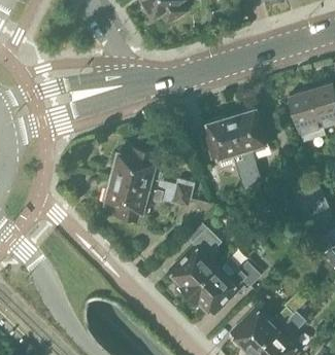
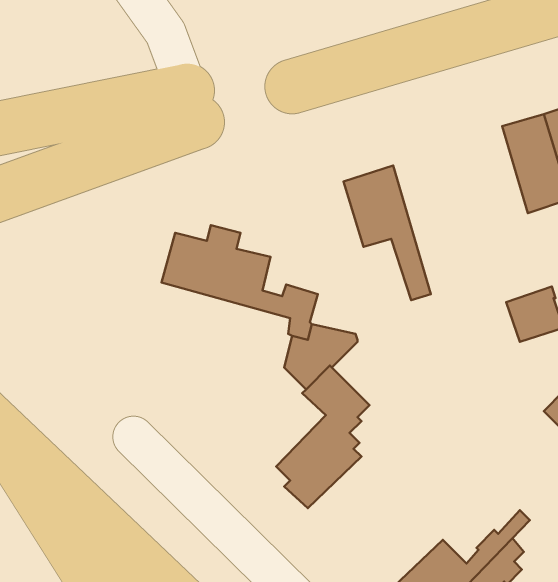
building: [233,110,268,184] -> none
building: [106,178,179,221] -> none
building: [189,260,262,313] -> none

